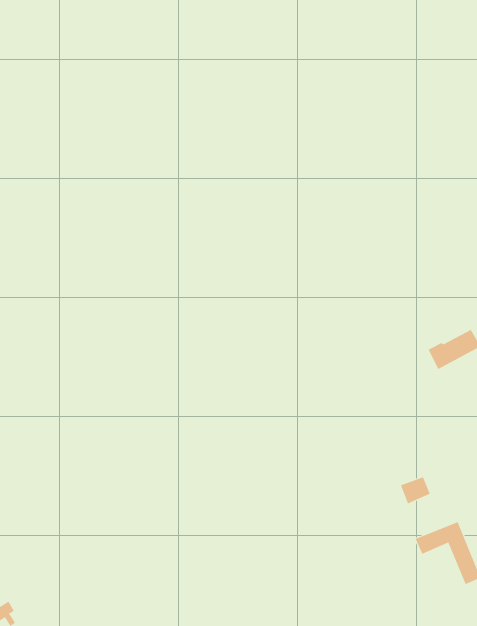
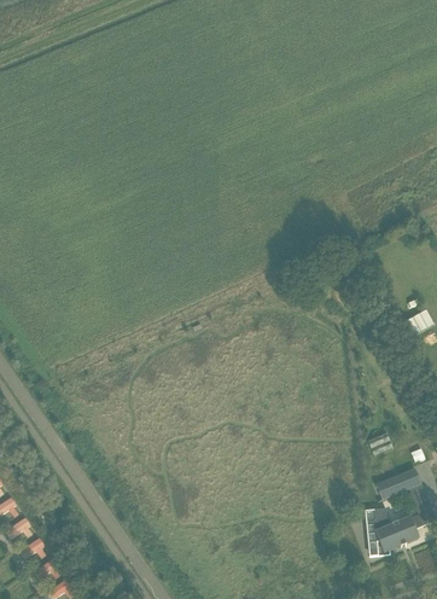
building: none -> [372,508,418,552]

